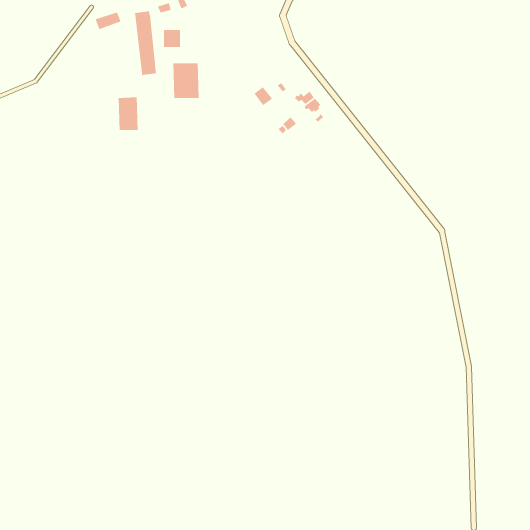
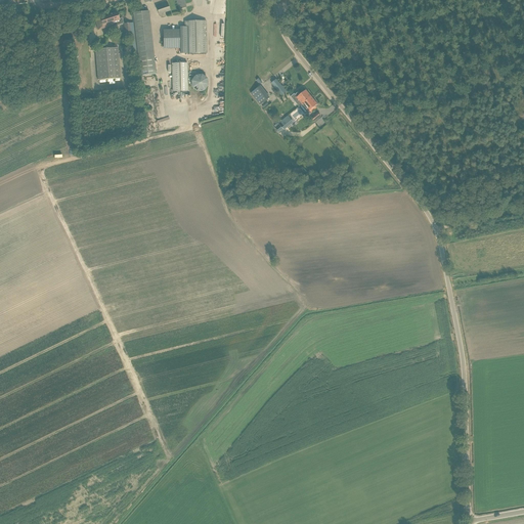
building: none -> [183,19,208,50]
building: [118,96,139,131] -> [97,46,118,80]

